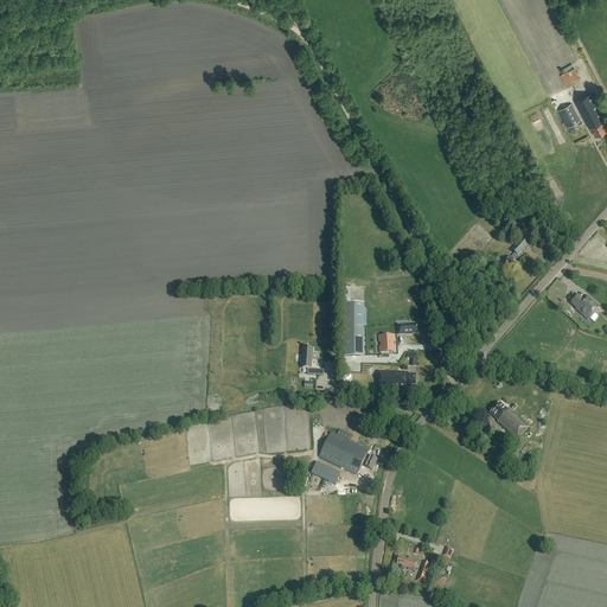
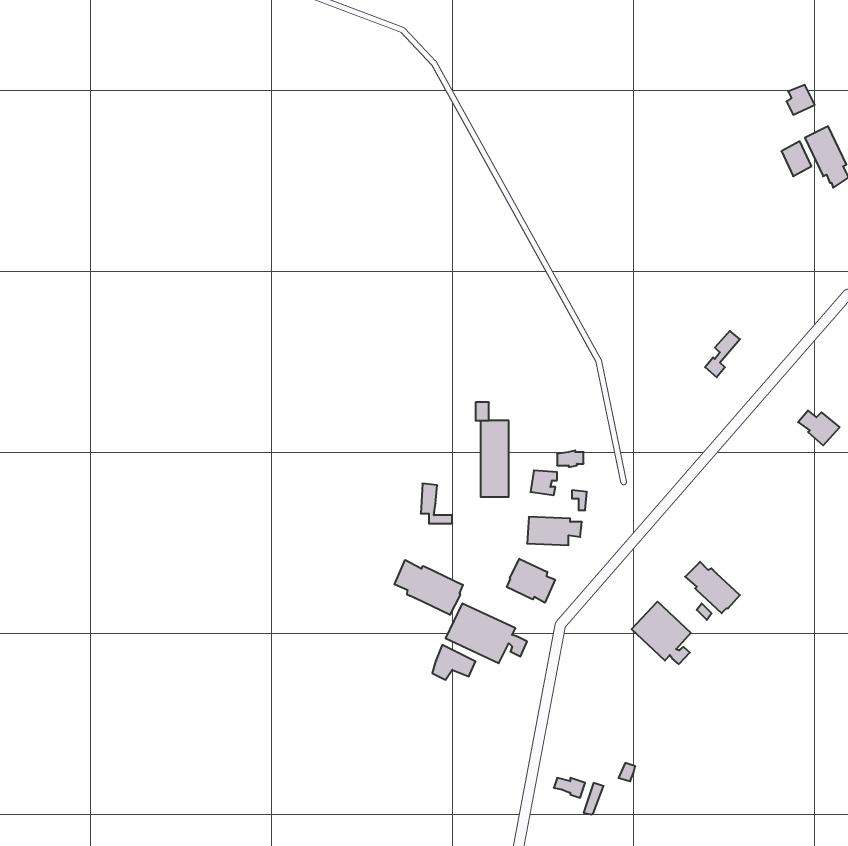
building: none -> [507,559,555,603]
building: none -> [394,560,463,615]
building: none -> [632,602,691,664]

